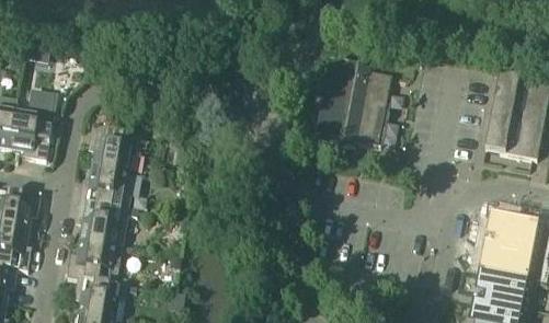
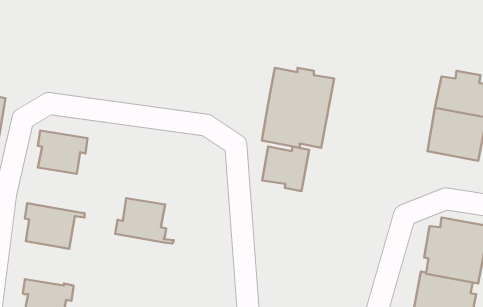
building: none -> [262,147,309,191]
building: [80,170,139,216] -> [115,198,174,244]
building: [68,244,119,289] -> none

